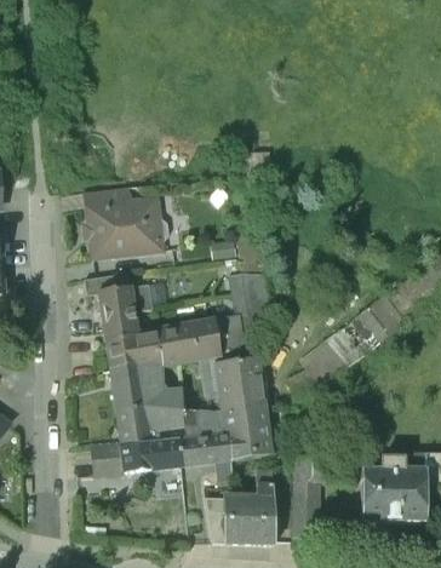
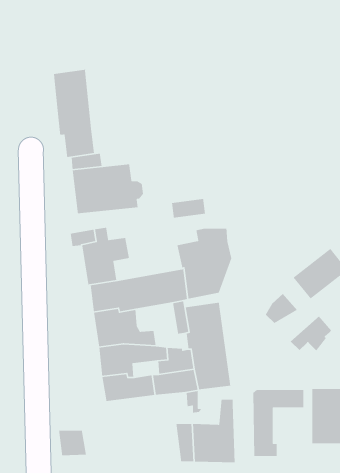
building: none -> [53,69,95,158]
building: none -> [290,316,332,352]
building: [93,443,126,474] -> [58,430,87,456]

